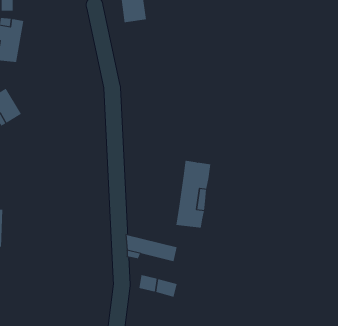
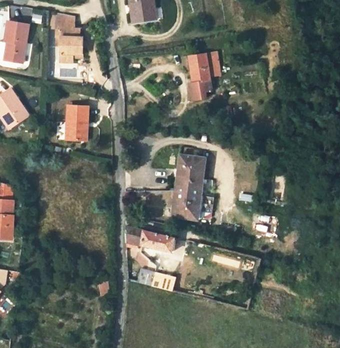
building: none -> [59,26,81,58]
building: none -> [178,58,210,105]
building: none -> [67,101,91,137]

